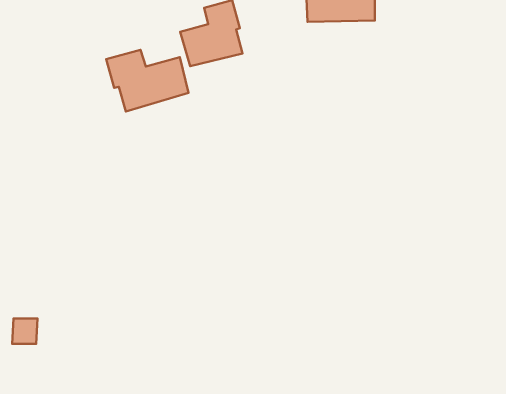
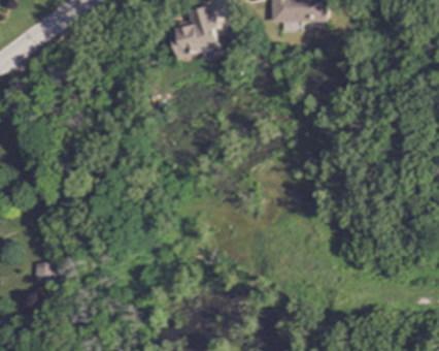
building: [106,50,189,112] -> none

